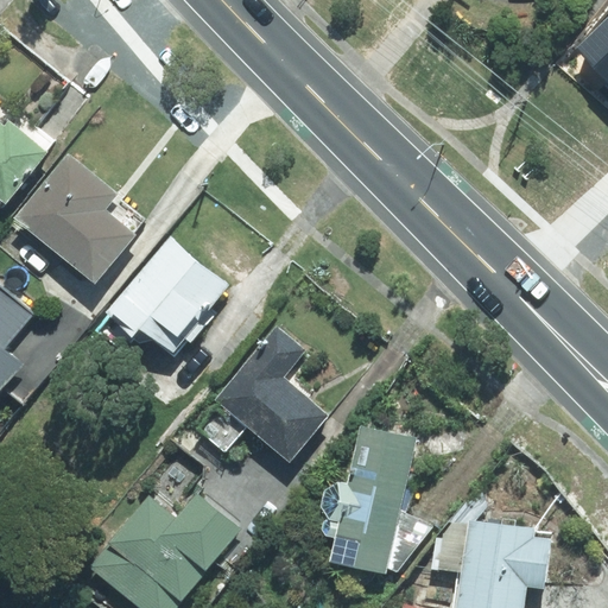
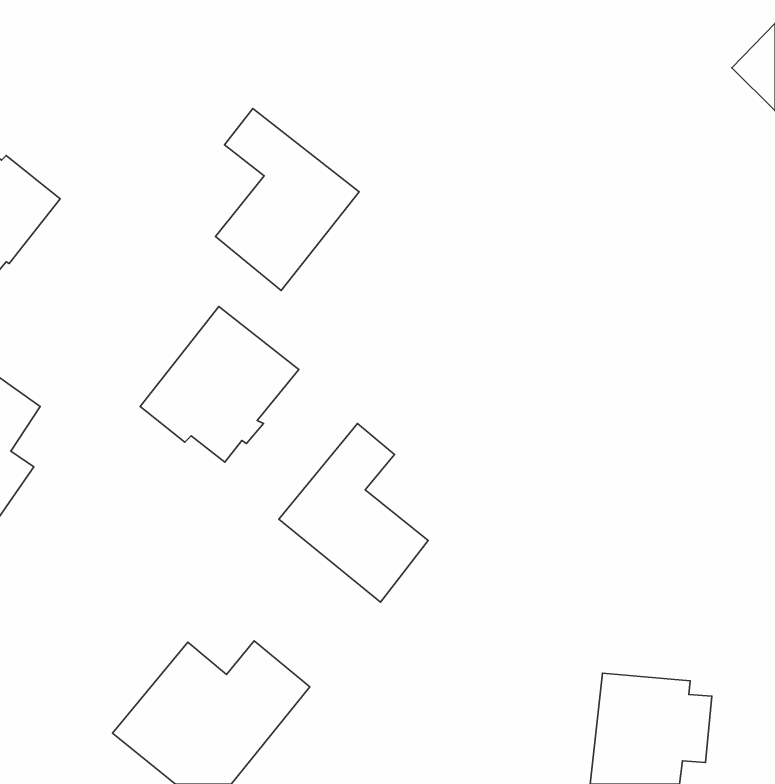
building: none -> [215,109,359,291]
building: [15,154,138,285] -> none
building: [318,424,429,572] -> none

